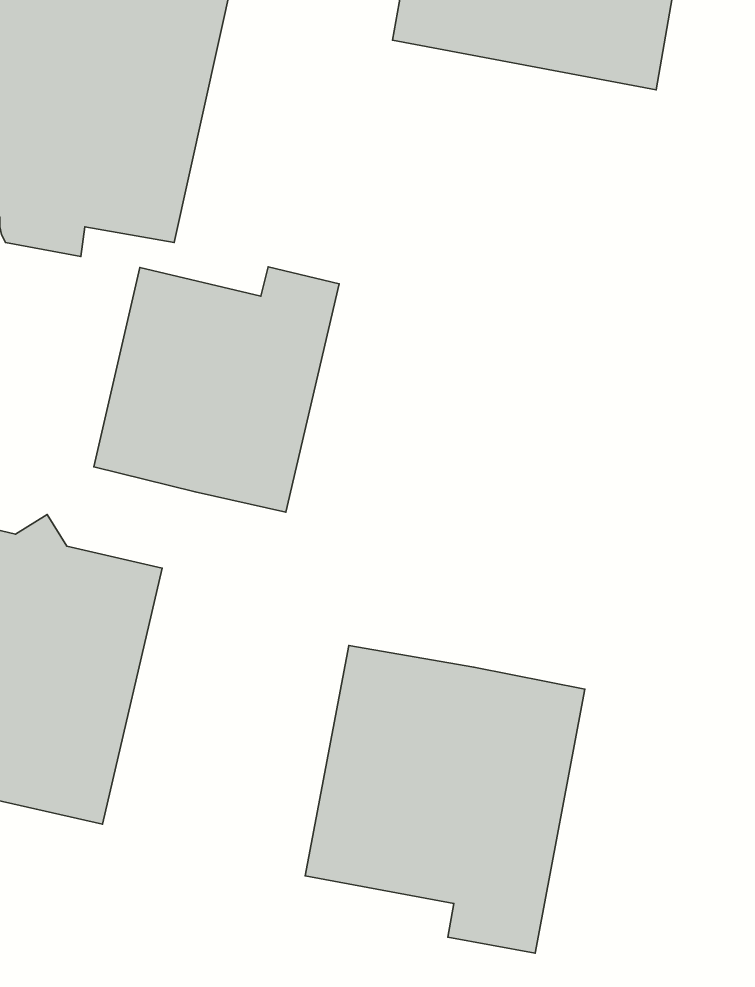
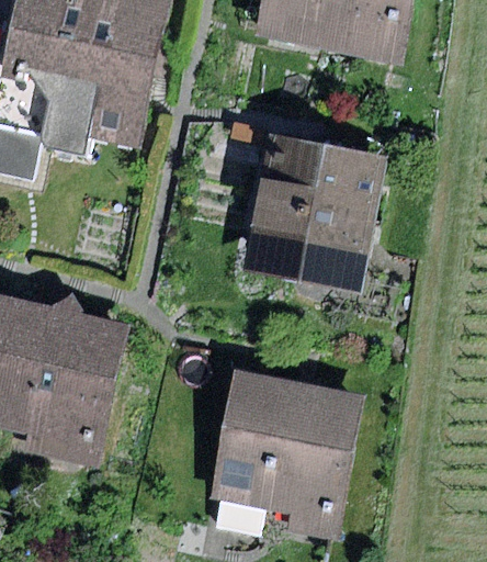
building: none -> [241,138,387,293]
building: [94,267,339,512] -> none

